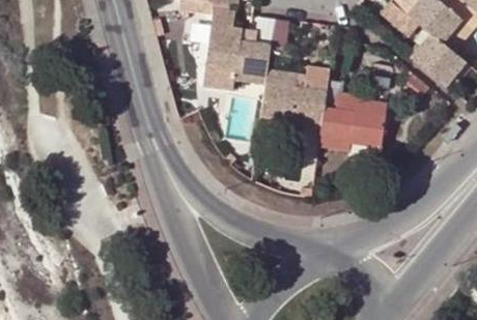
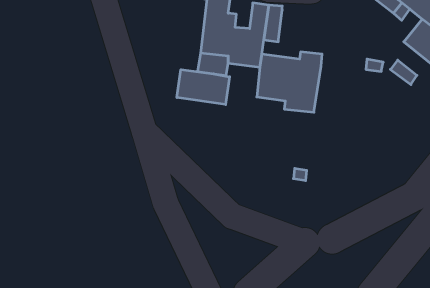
building: [319,81,388,149] -> none
building: none -> [177,70,230,105]

